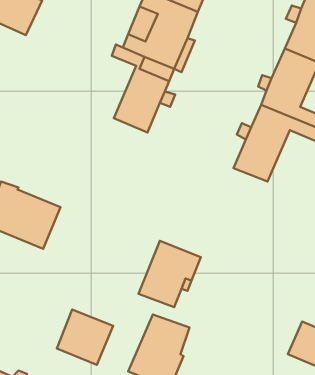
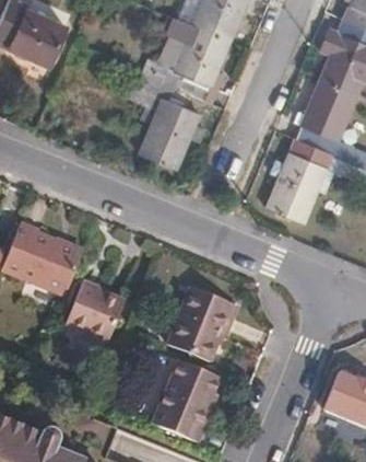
building: [57,310,113,365] -> [66,278,126,337]

